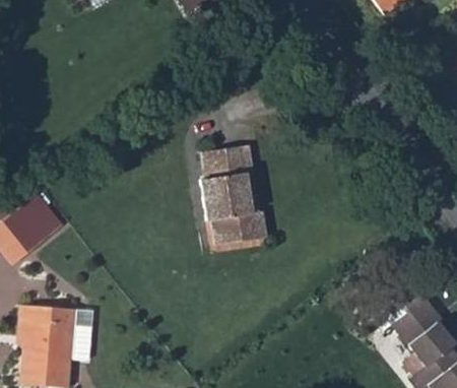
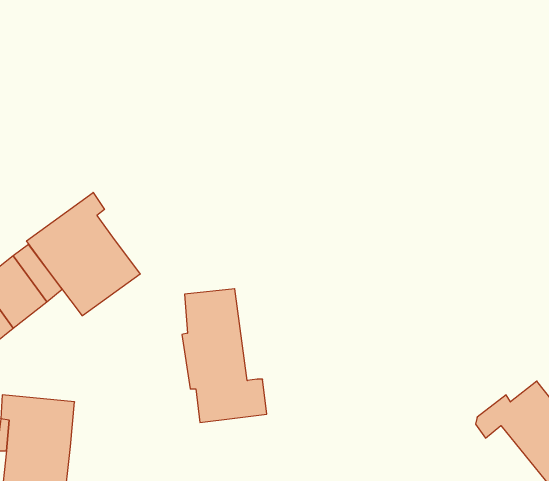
building: [203,144,265,242] -> [182,289,267,422]
building: none -> [27,192,140,316]

